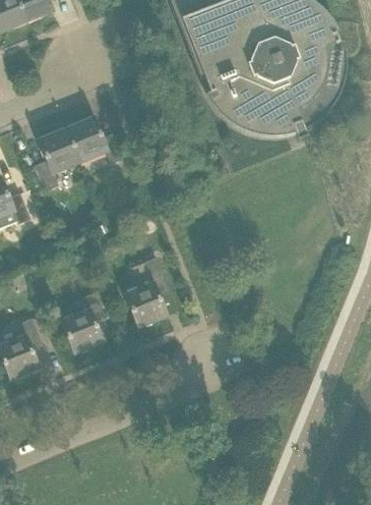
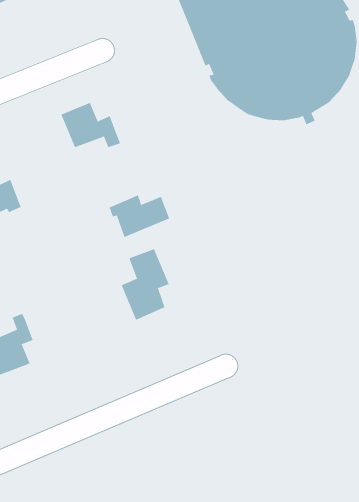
building: [36,130,80,189] -> none
building: none -> [109,195,170,238]
building: [59,291,106,352] -> none

